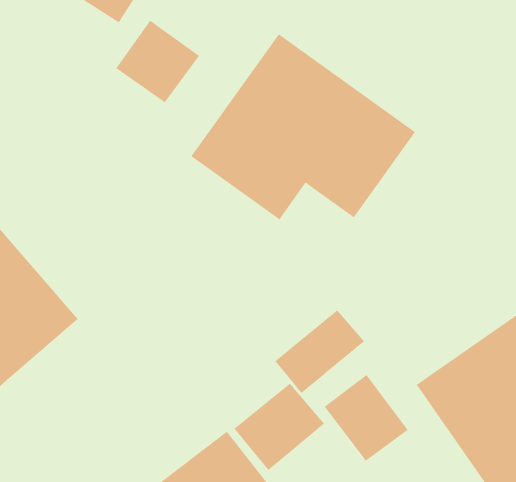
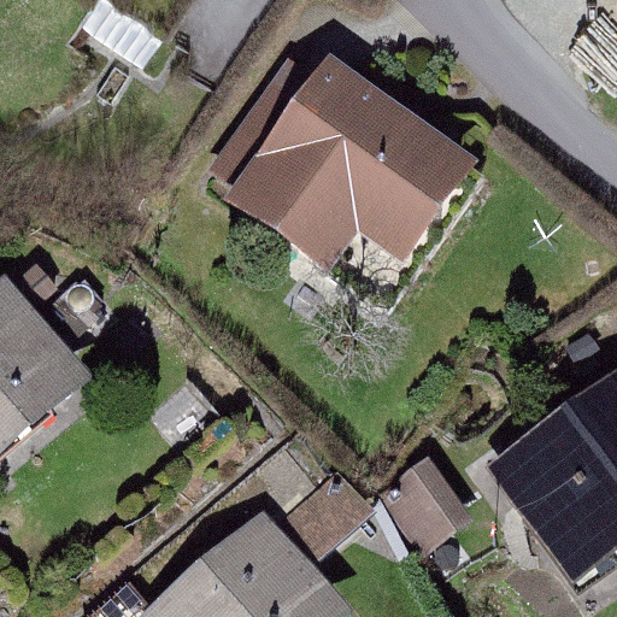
building: [115,20,200,103] -> none
building: [274,310,365,394] -> none

